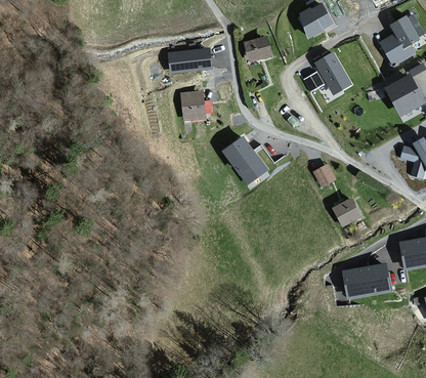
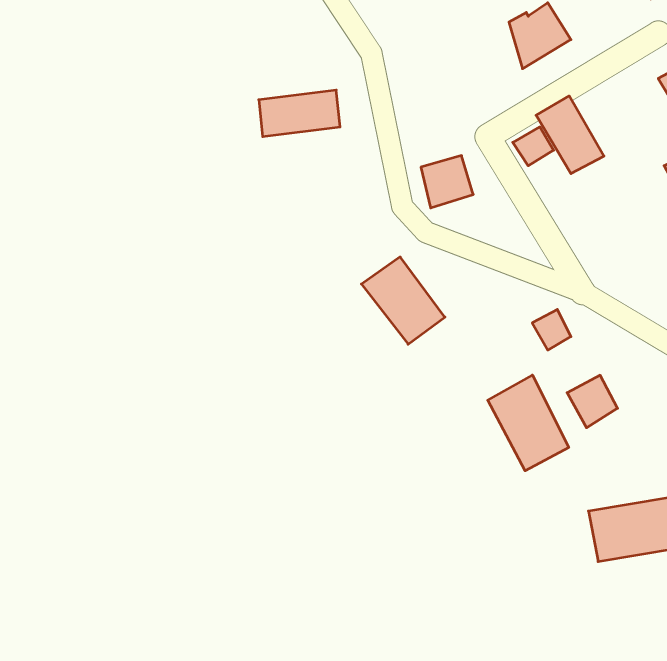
building: [243,36,270,64] -> [421,156,473,208]
building: [179,91,203,121] -> none
building: none -> [488,375,569,471]

